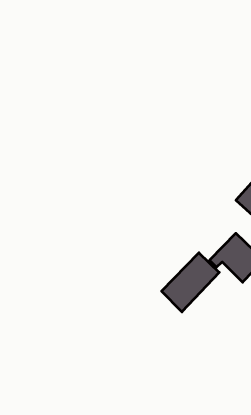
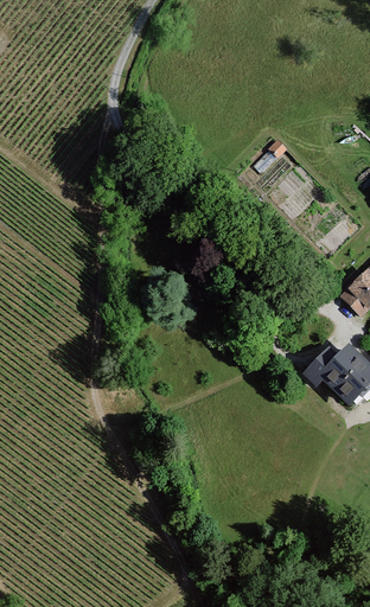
building: [162,253,219,312] -> none

